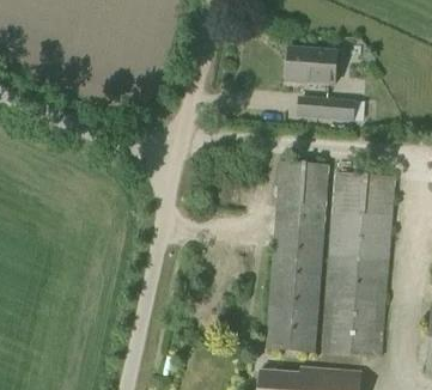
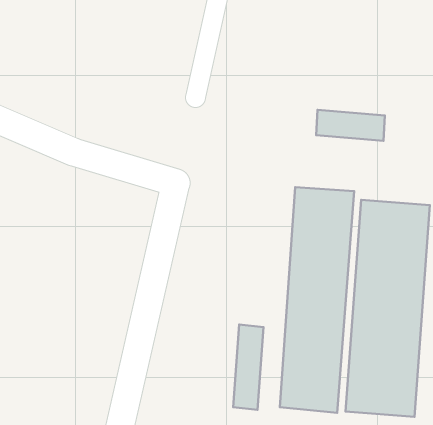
building: [286,45,336,84] -> none
building: none -> [233,324,264,410]

